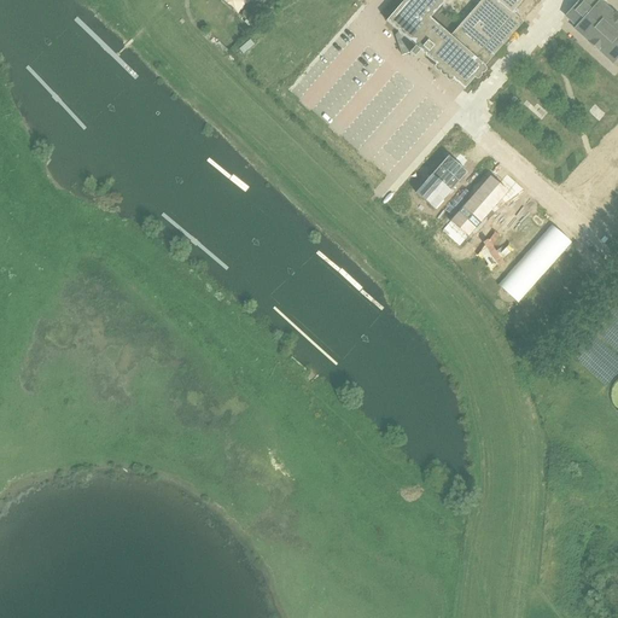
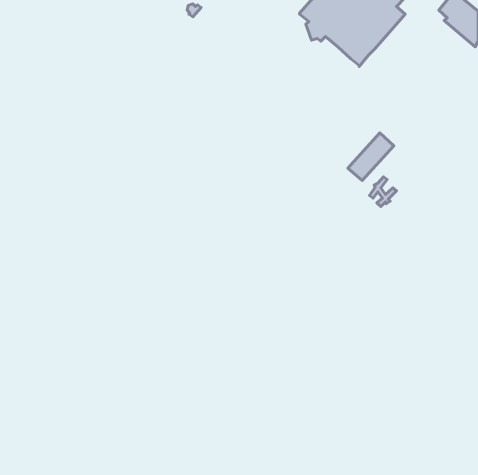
building: [415,152,466,205] -> none
building: [499,221,572,299] -> none

